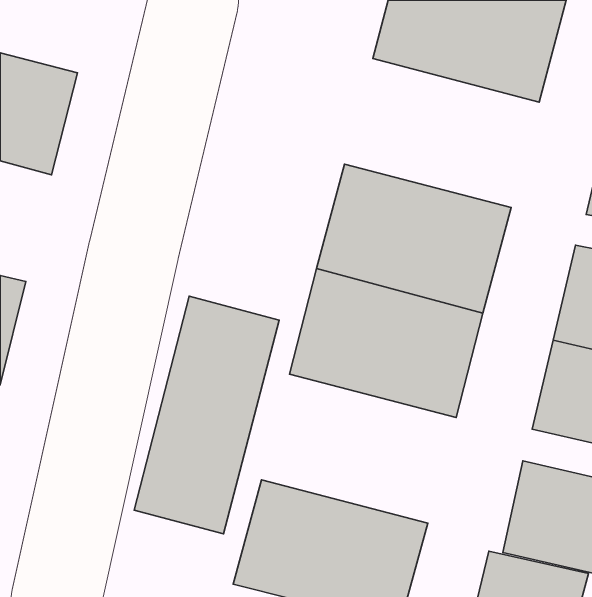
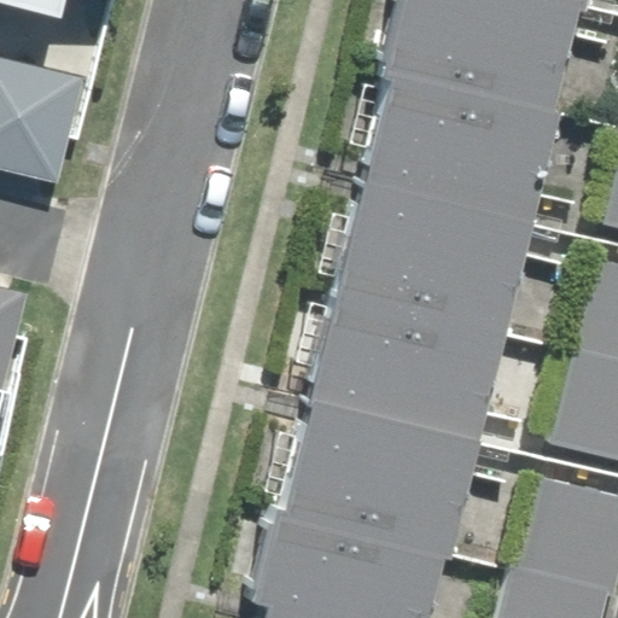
building: none -> [362,63,562,216]
building: [134,296,279,534] -> none
building: none -> [276,387,477,541]

